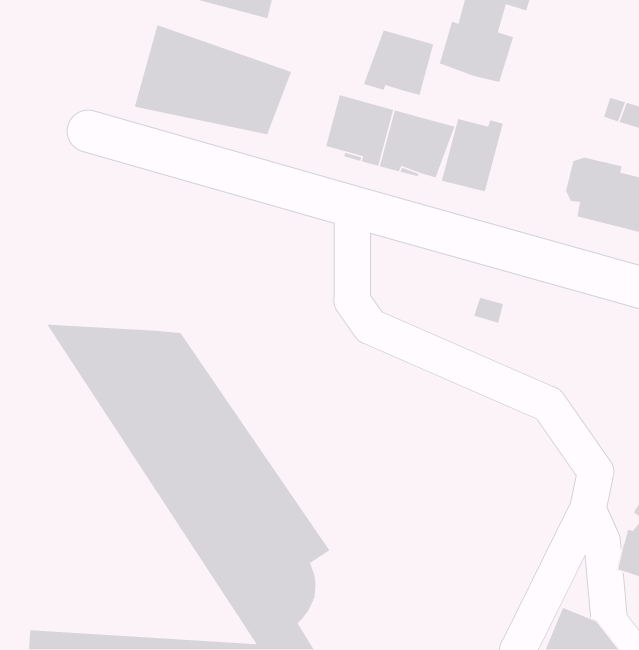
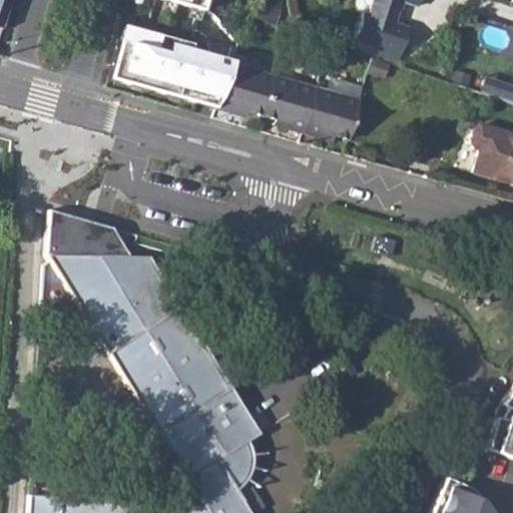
building: [363,30,434,96] -> [220,63,277,115]
building: [441,118,504,192] -> none
building: none -> [46,210,133,260]

